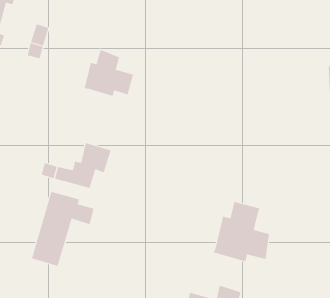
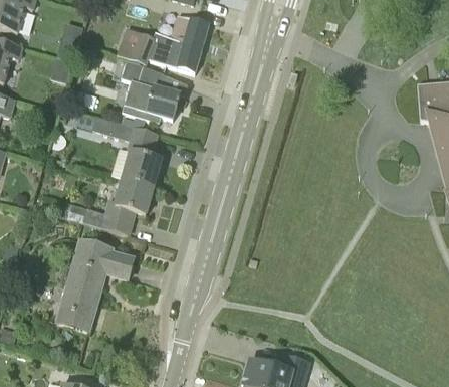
building: none -> [115,13,208,72]
building: none -> [91,115,161,187]
building: [213,201,270,262] -> none

